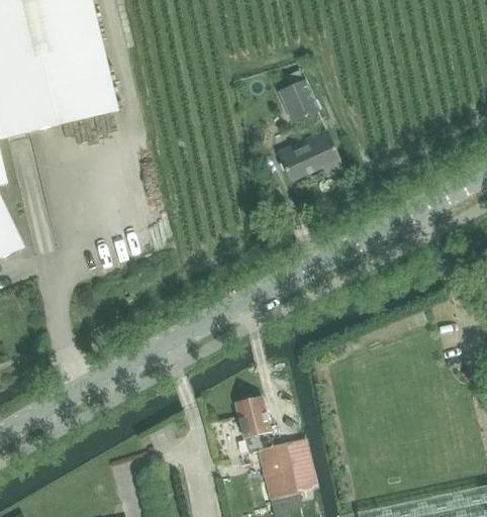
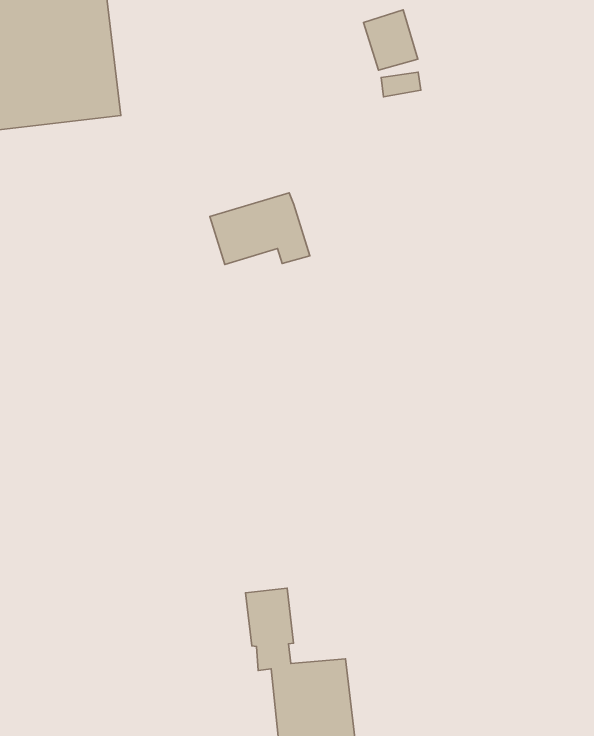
building: [281,81,318,121] -> [364,10,418,70]
building: [278,130,345,181] -> [210,193,310,264]

